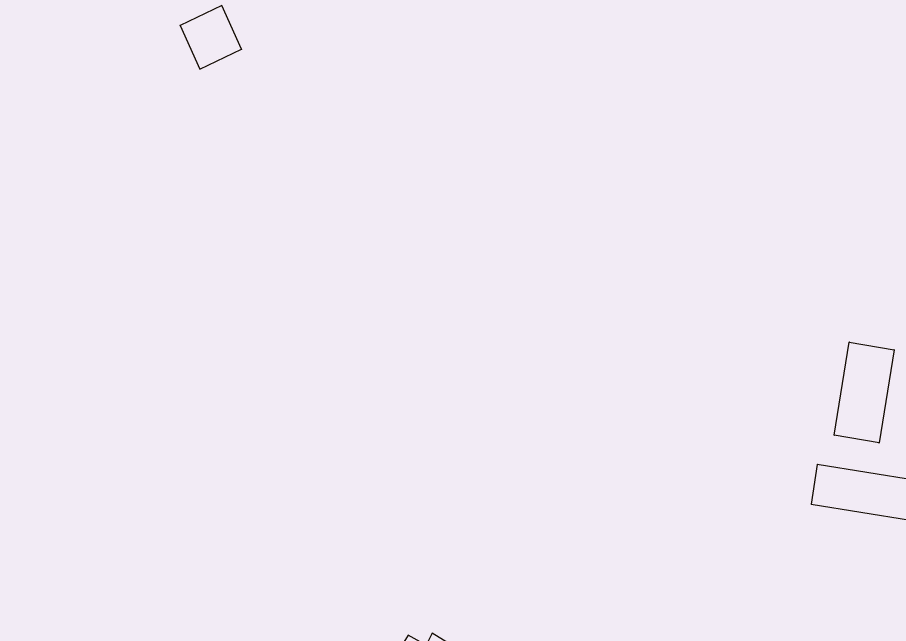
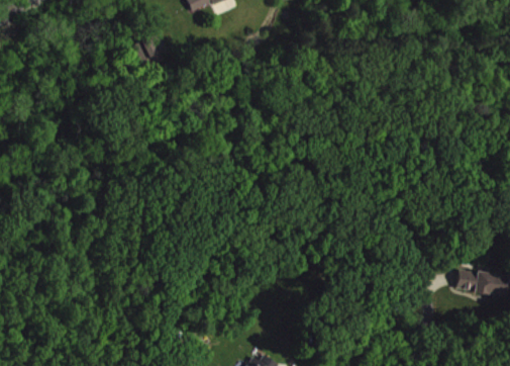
building: [834,342,894,443] -> none

